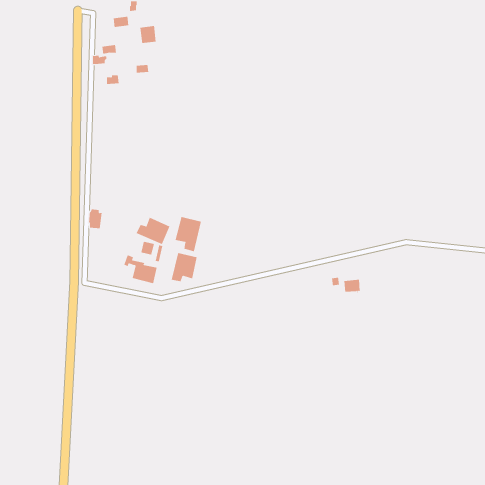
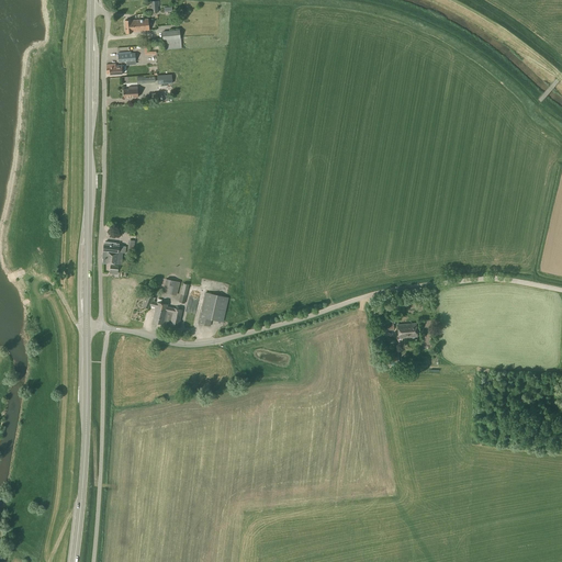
building: [175,216,201,252] -> none
building: [136,217,170,245] -> none

